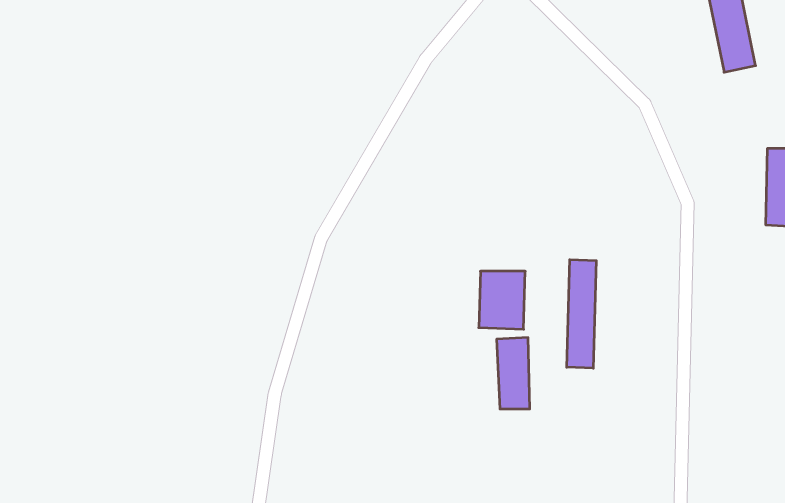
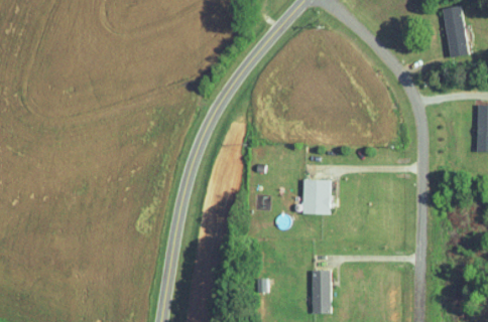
building: [567,260,596,368] -> none
building: [497,338,530,409] -> [311,270,331,313]

